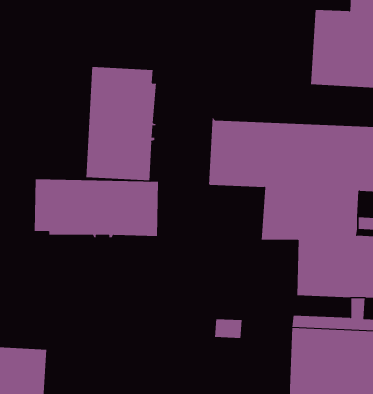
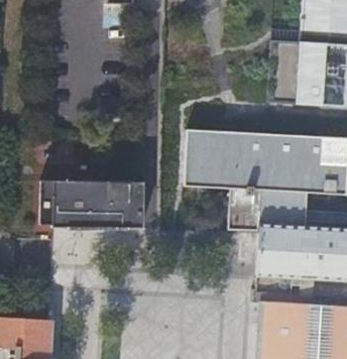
building: [86,66,156,181] -> none

